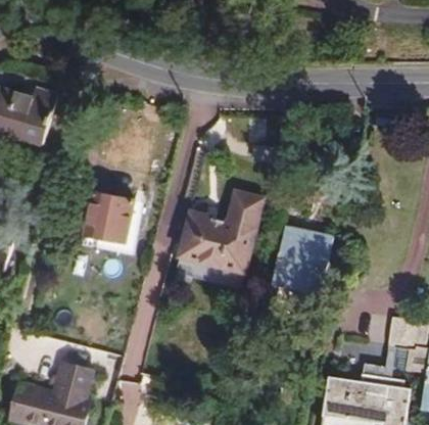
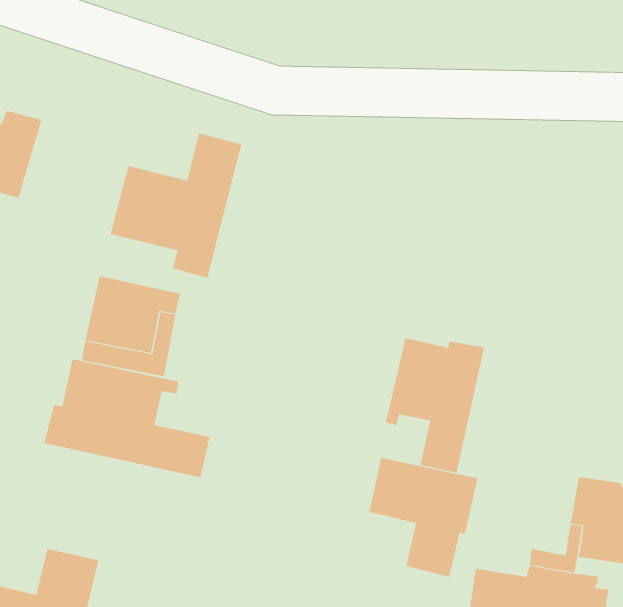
building: [179,191,261,282] -> [110,133,242,278]
building: none -> [44,358,210,478]
building: none -> [369,457,478,578]

